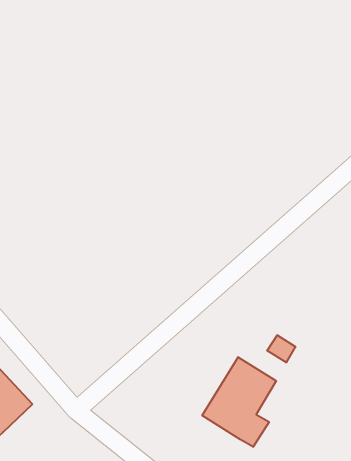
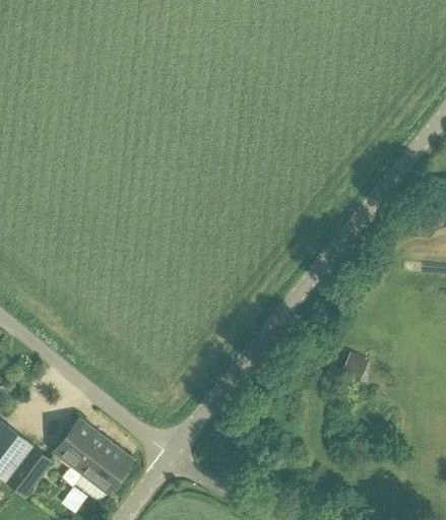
building: [202,357,276,447] -> none

